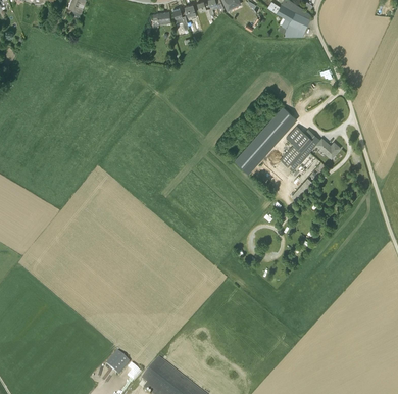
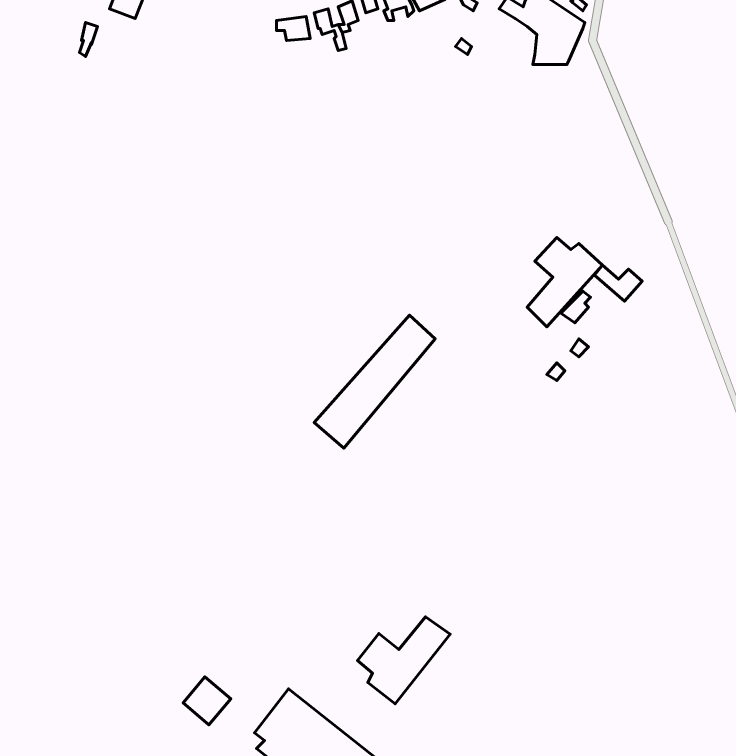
building: [232,103,294,171] -> [314,315,435,448]
building: none -> [358,617,450,704]

